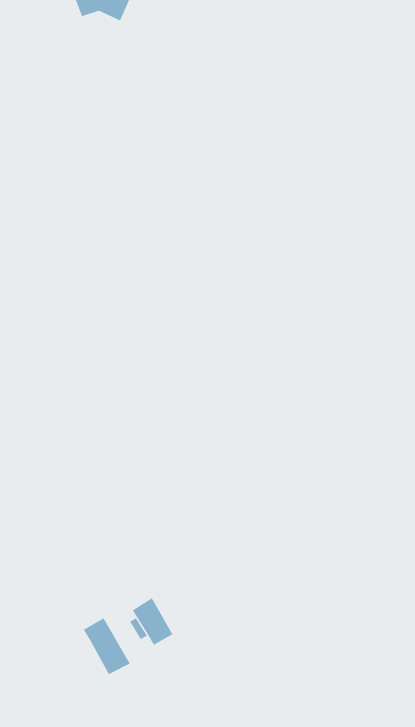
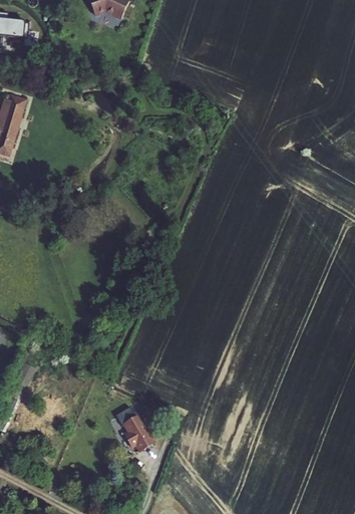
building: [83,617,131,675] -> none

